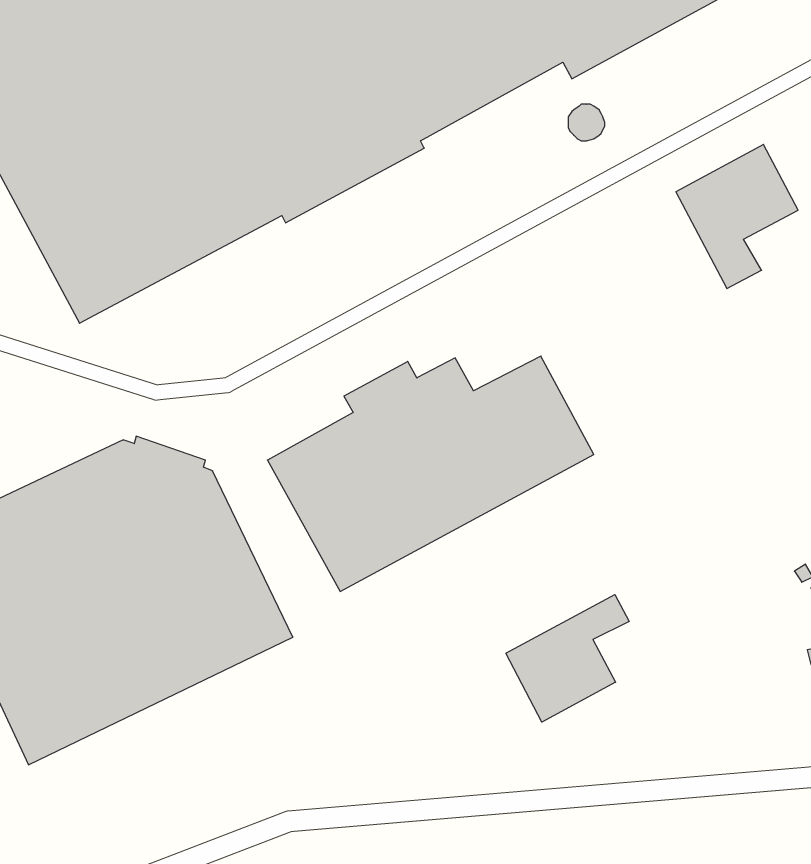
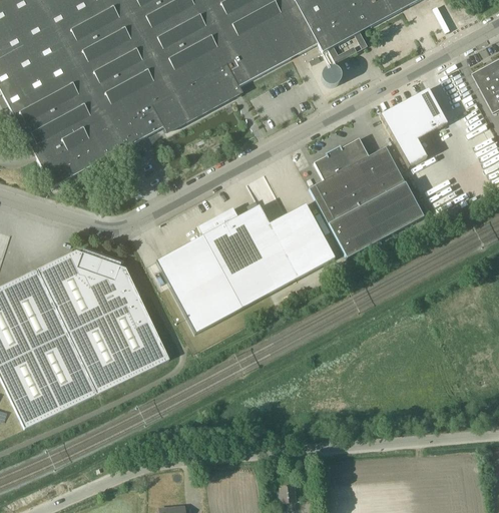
building: none -> [309,137,423,258]
building: [506,595,629,722] -> none

